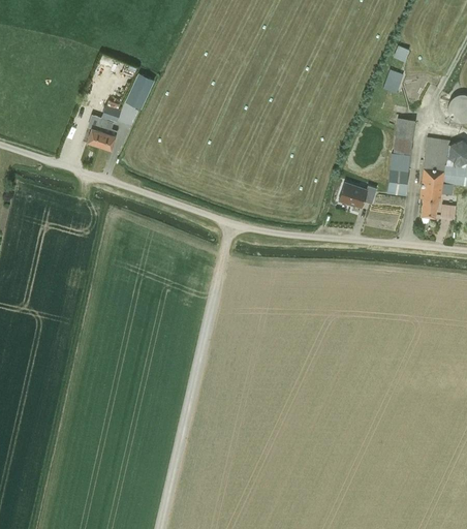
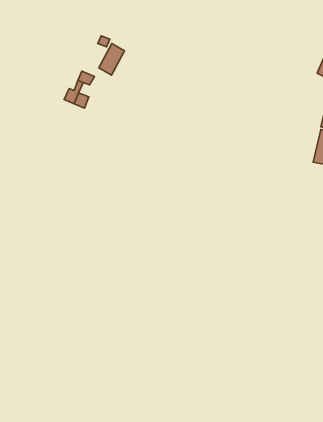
building: [339,183,376,208] -> none

